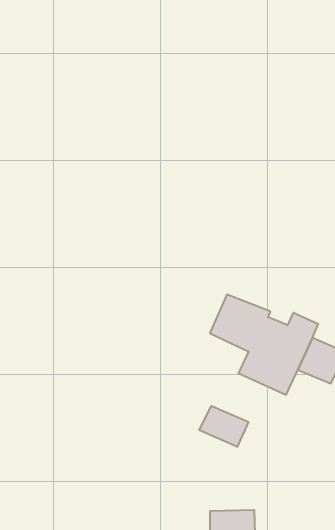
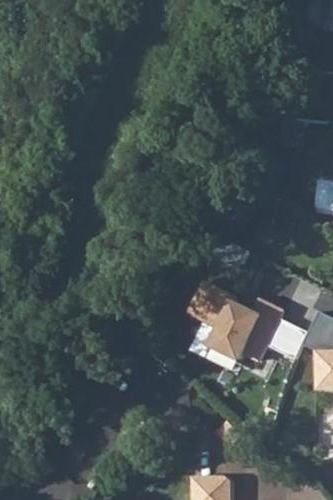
building: [199,406,248,447] -> none

